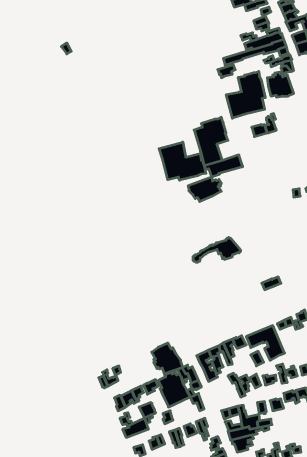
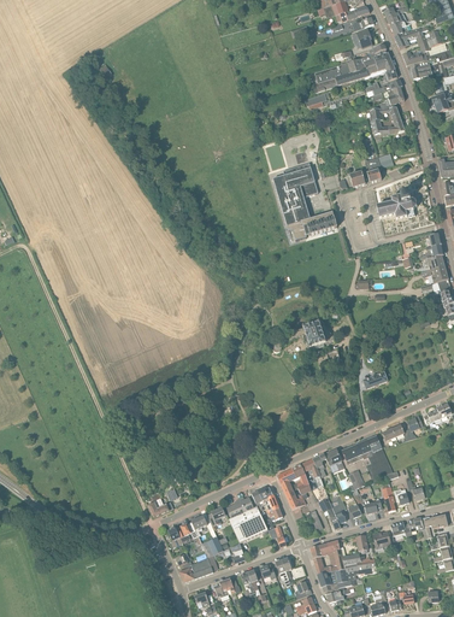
building: [226,71,265,118] -> none
building: none -> [377,190,417,218]
building: [159,142,206,180] -> none
building: [188,177,221,202] -> none
building: [152,343,183,374] -> none

